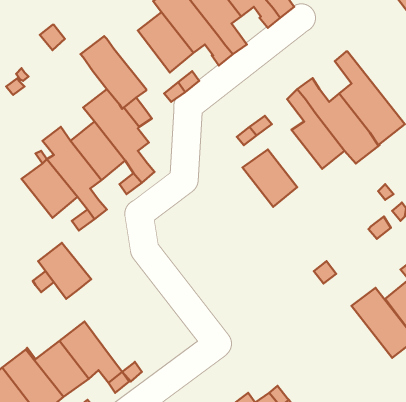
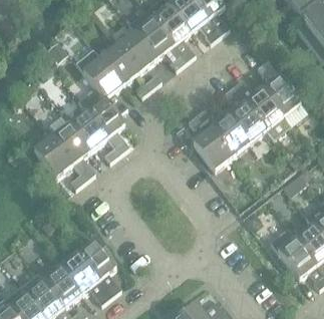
building: none -> [99,44,139,87]
building: none -> [210,115,249,156]
building: [38,243,91,299] -> [78,240,116,280]

